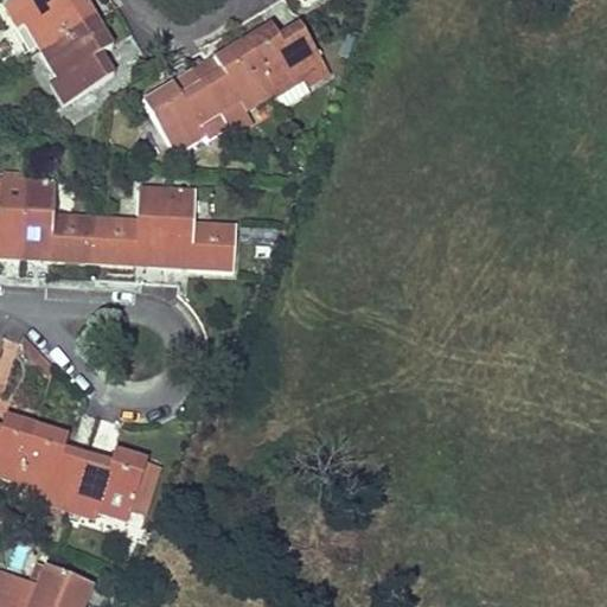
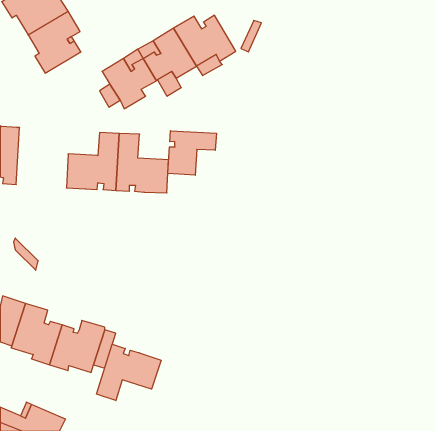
building: [23,178,95,262] -> none
building: none -> [168,131,216,175]
building: none -> [96,344,161,401]

